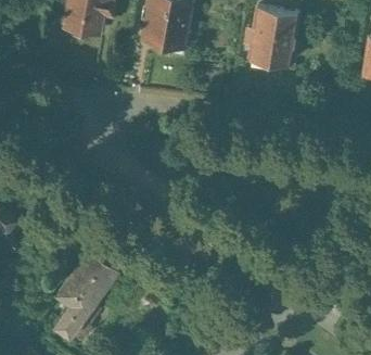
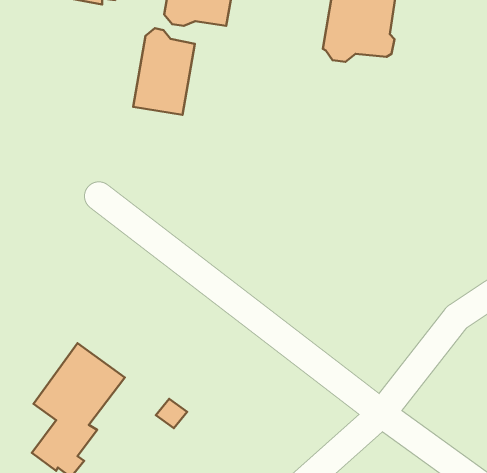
building: none -> [133,28,195,115]

